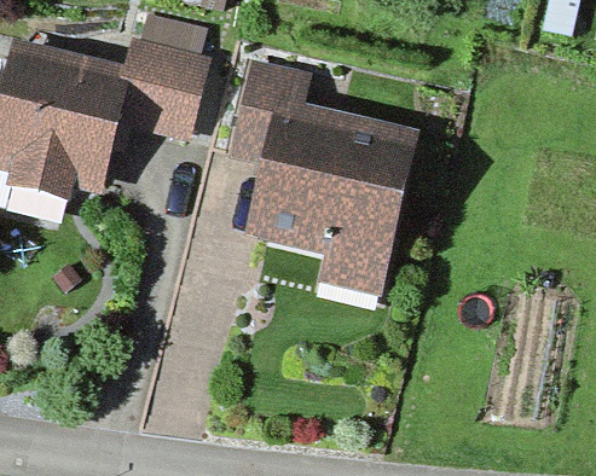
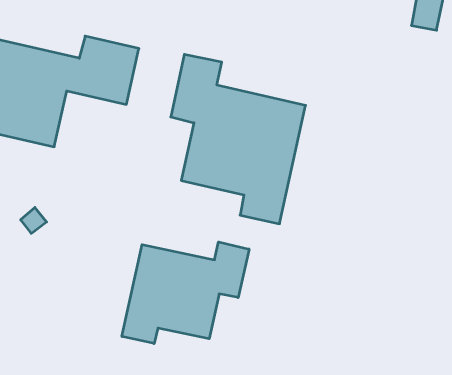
building: none -> [122,242,249,344]

